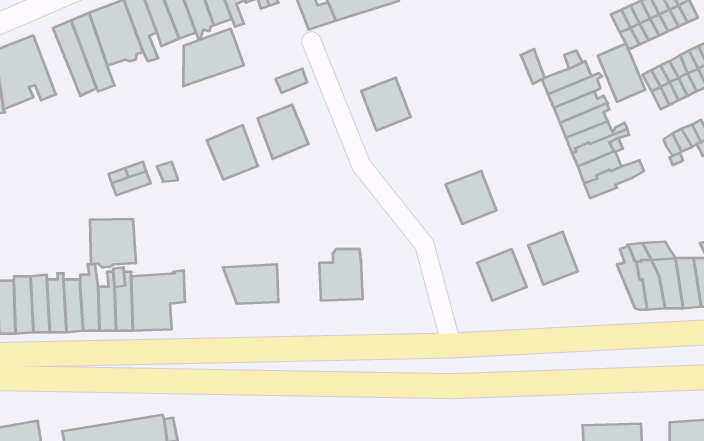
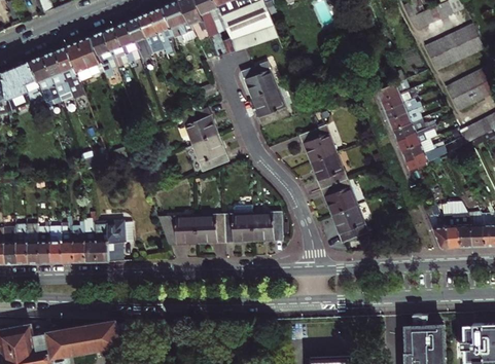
building: none -> [28,56,60,107]
building: [183,29,244,86] -> none
building: none -> [241,63,280,99]
building: [598,44,645,102] -> none
building: [207,125,258,179] -> [191,135,226,172]
building: none -> [299,126,334,162]
building: [90,219,136,268] -> none
building: [528,232,578,285] -> [321,180,355,216]
building: none -> [252,214,282,241]
building: none -> [195,216,224,243]

